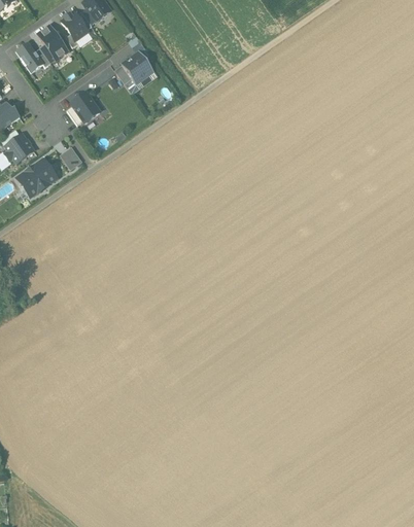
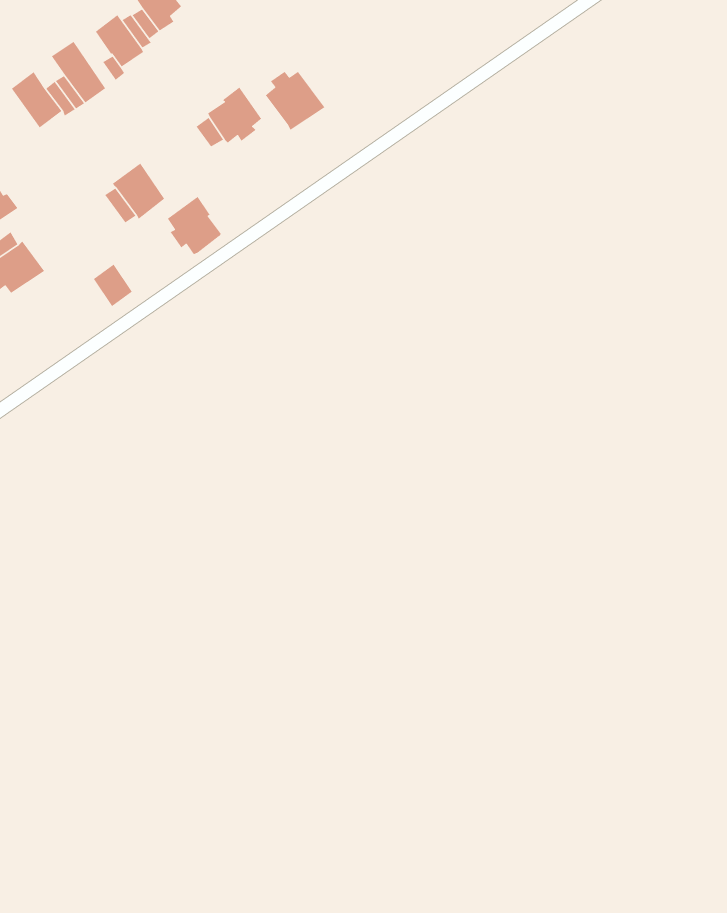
building: none -> [265,71,325,131]
building: none -> [167,196,222,255]
building: [18,160,56,196] -> none

